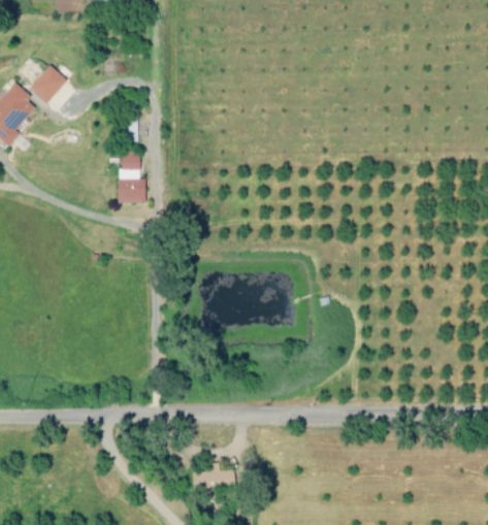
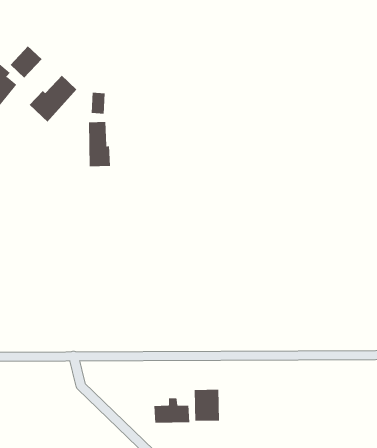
building: none -> [29,75,77,122]
building: none -> [194,389,220,422]

